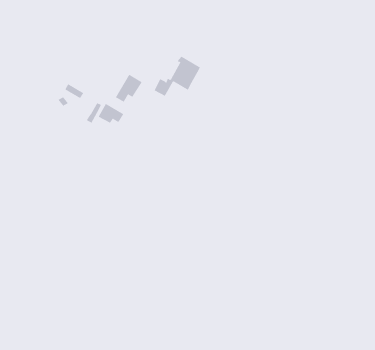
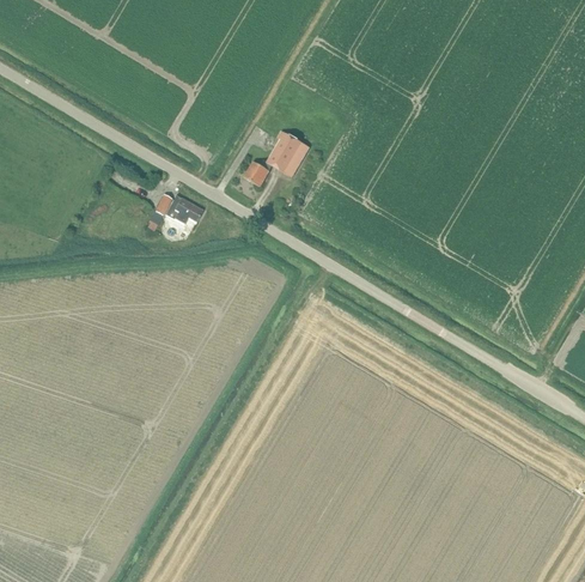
building: [115,74,142,103] -> none

